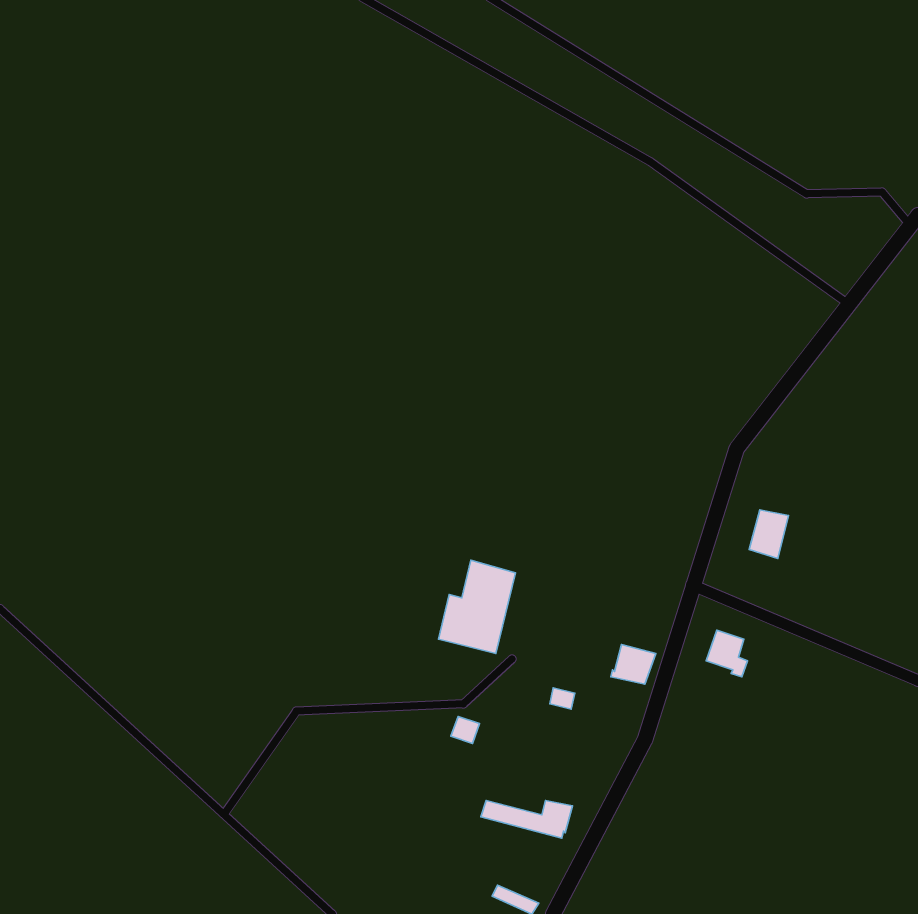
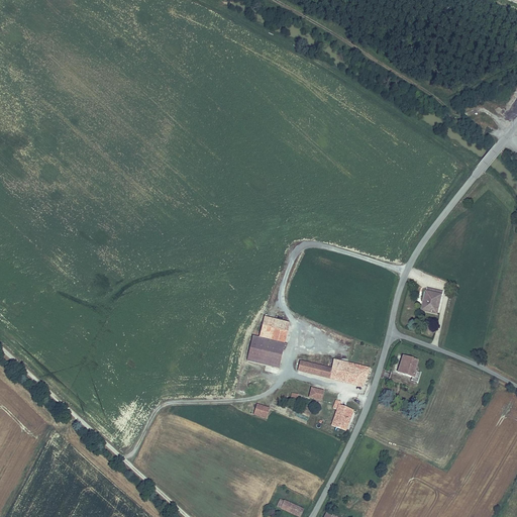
building: none -> [331,399,353,429]
building: [481,801,572,838] -> [298,359,349,381]

